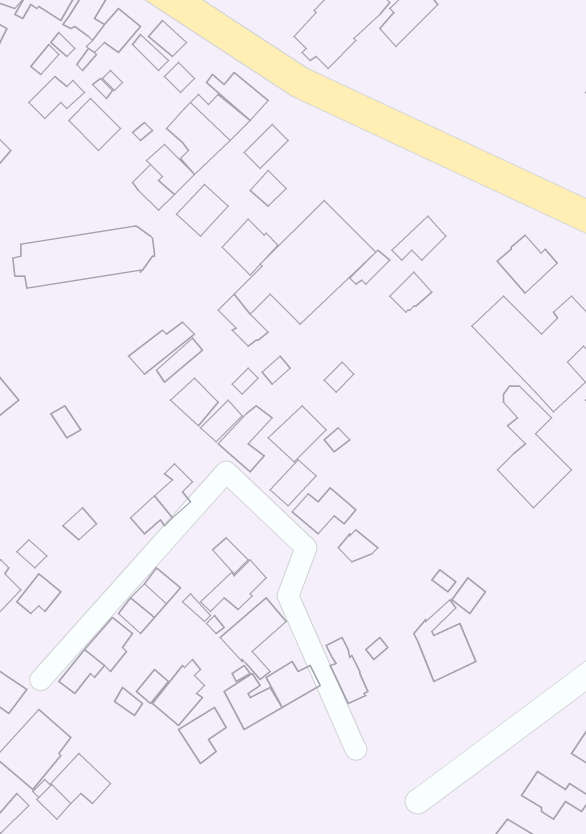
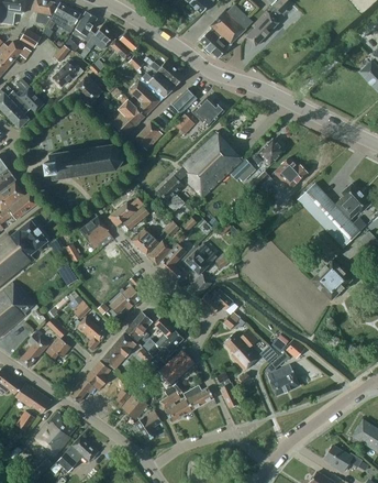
building: [222,219,278,275] -> [192,97,223,128]
building: [497,235,557,293] -> [274,157,307,189]
building: none -> [79,216,113,249]
building: none -> [125,311,153,342]
building: none -> [73,316,107,350]
building: none -> [224,329,258,371]

